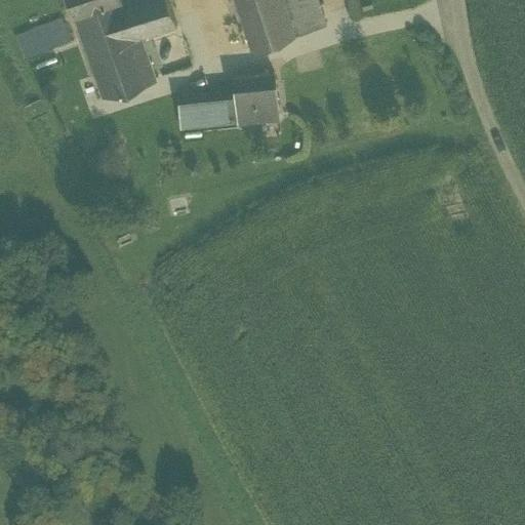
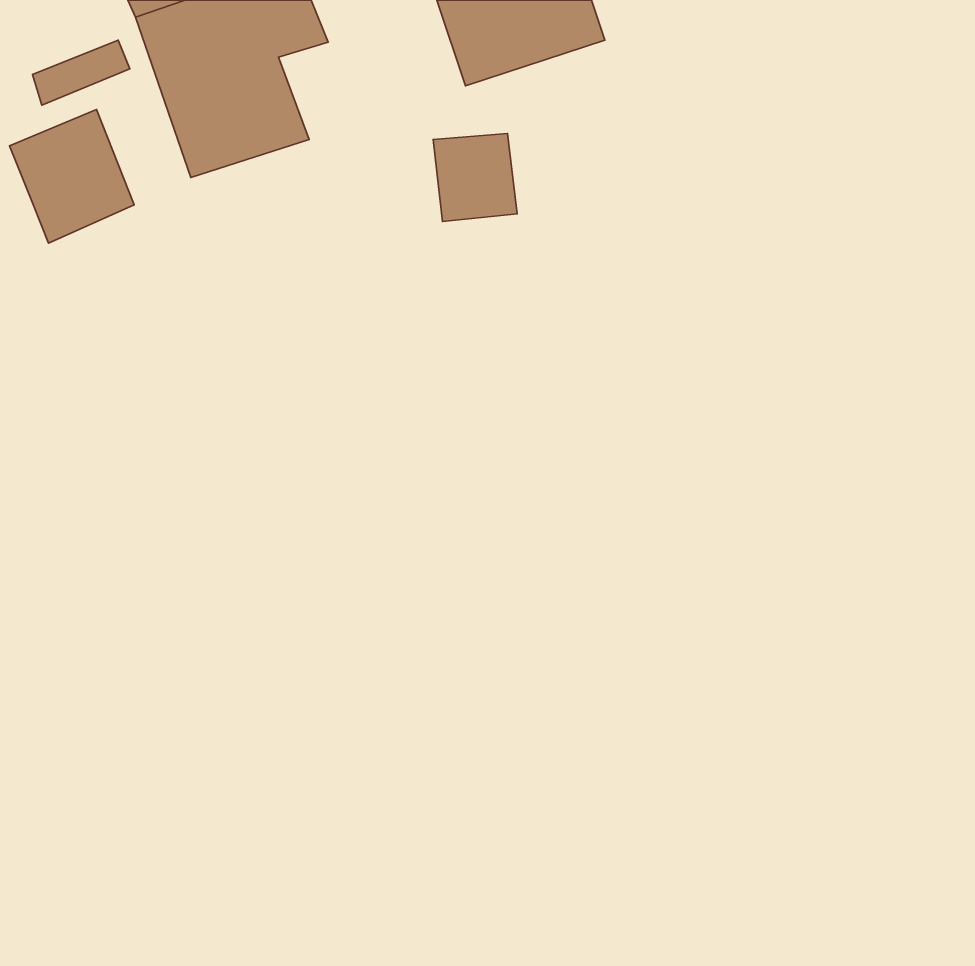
building: none -> [10,110,134,243]
building: [178,97,238,131] -> none

